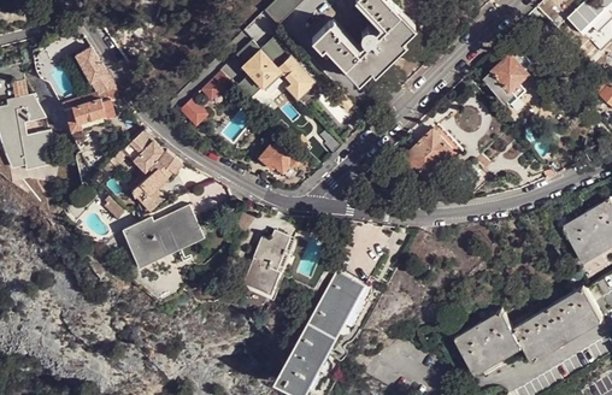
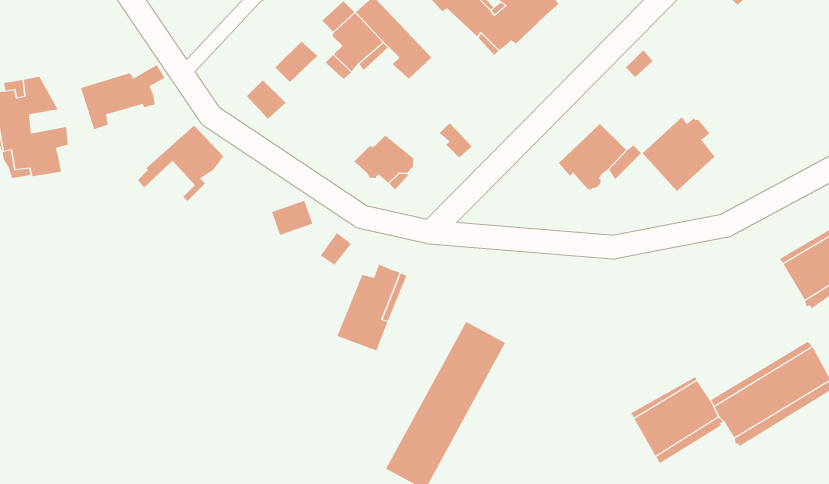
building: [75,48,114,98] -> none
building: [482,53,535,107] -> [642,116,716,192]
building: [130,153,180,213] -> none
building: [123,207,204,269] -> none

